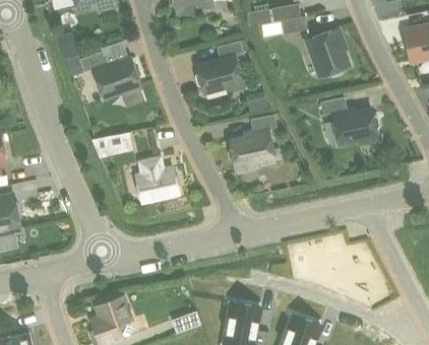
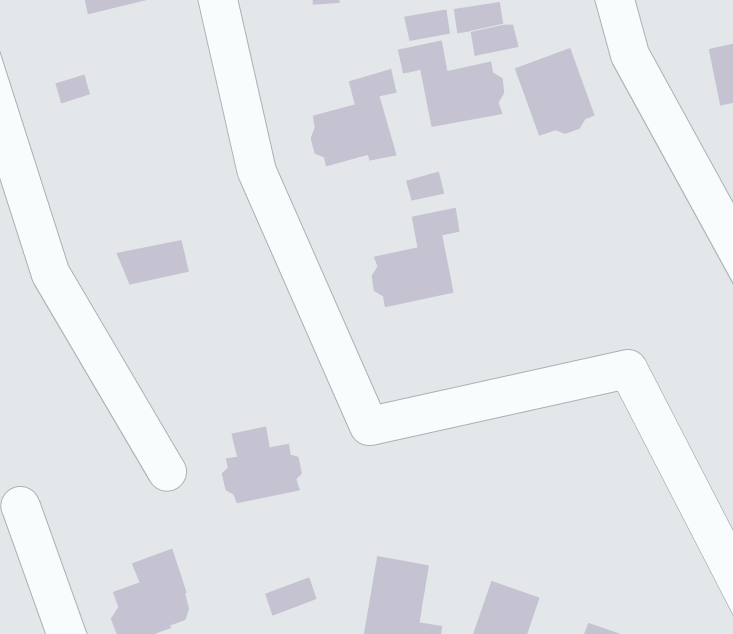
building: [78,51,144,107] -> none
building: [319,96,377,143] -> [397,40,505,128]
building: [134,158,178,200] -> [221,426,303,504]

